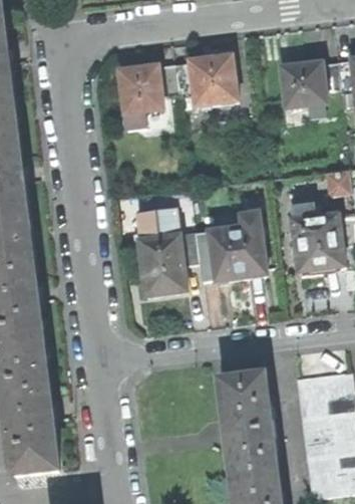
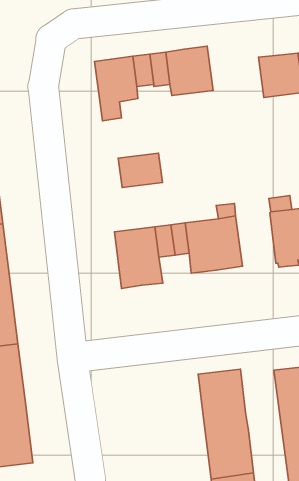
building: [134,206,179,240] -> [118,153,163,188]

